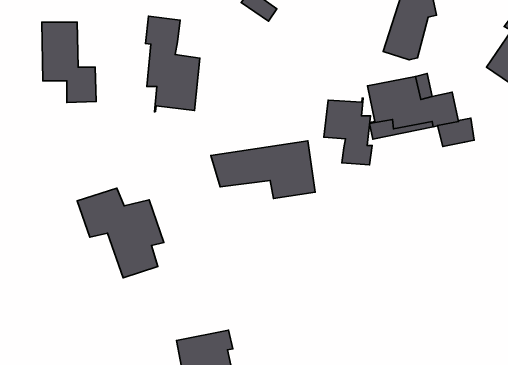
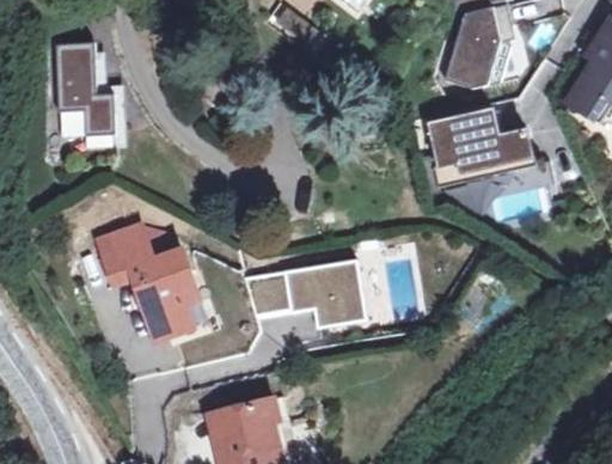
building: [145,16,200,112] -> none
building: [324,98,372,165] -> none
building: [211,141,315,198] -> [246,263,366,329]

